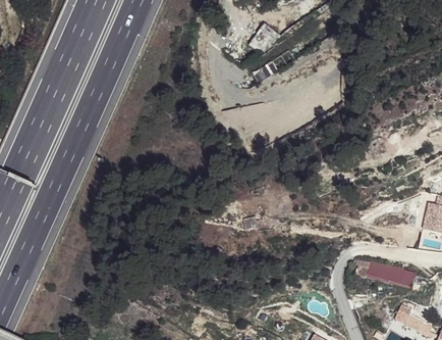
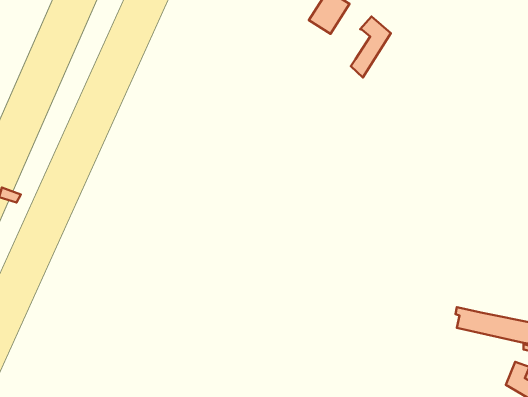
building: none -> [351,17,391,77]

